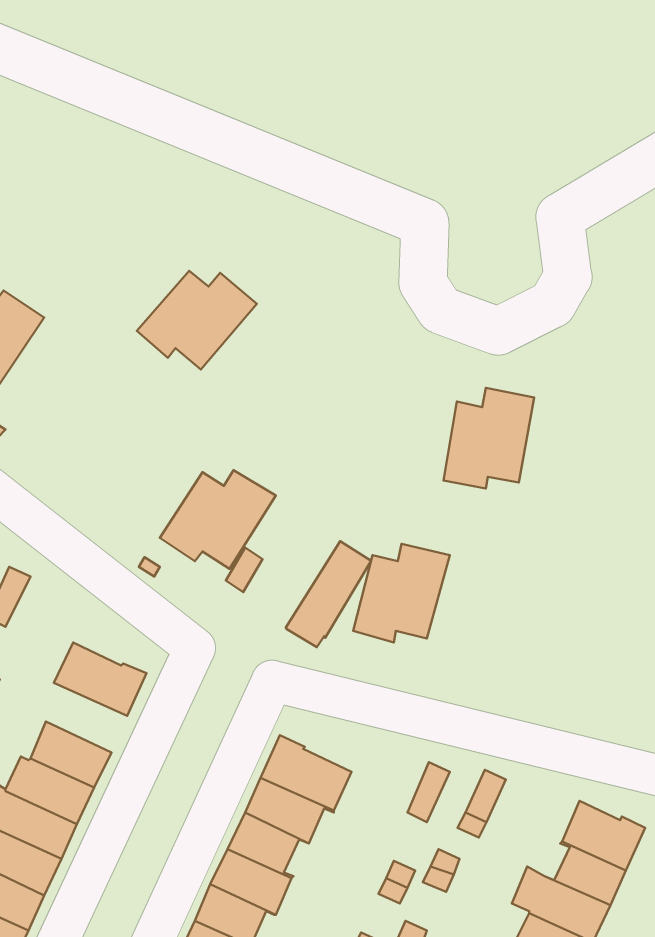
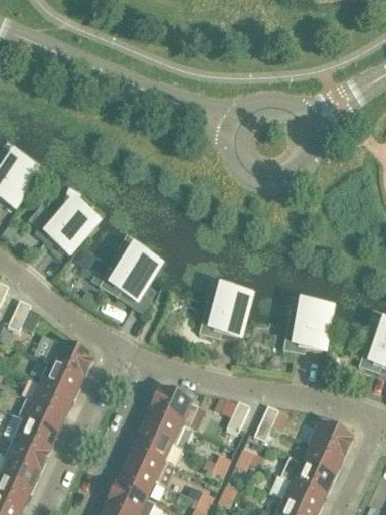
building: [137,271,257,369] -> [35,202,98,253]
building: [443,388,534,488] -> [283,302,331,354]
building: [286,541,371,647] -> none
building: none -> [40,360,82,396]

